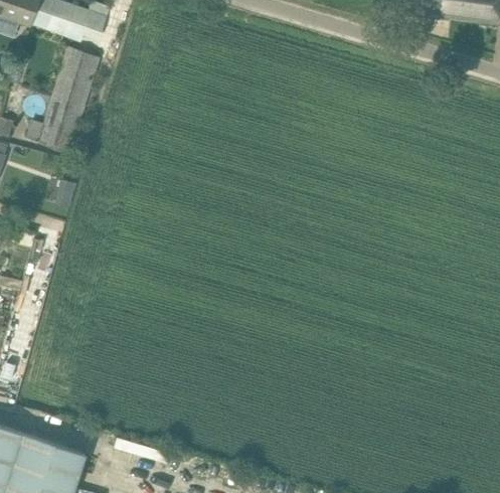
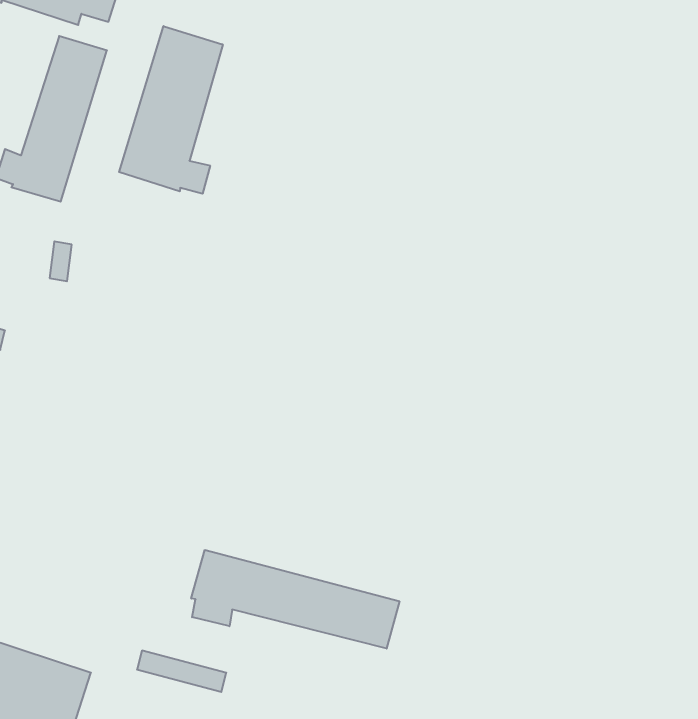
building: none -> [119,26,223,194]
building: none -> [191,550,399,649]

